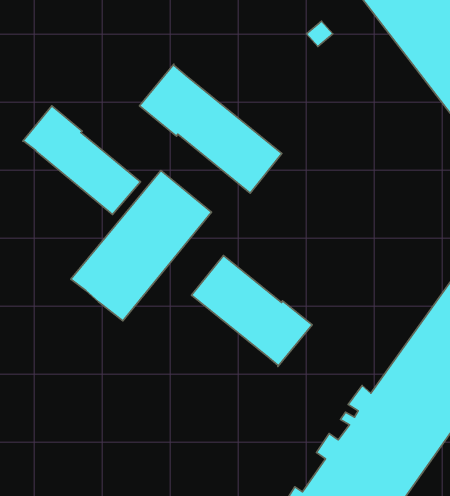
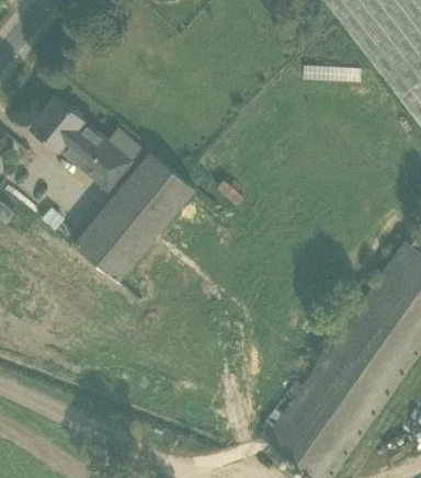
building: [139,64,282,193] -> none
building: [192,255,312,367] -> none

